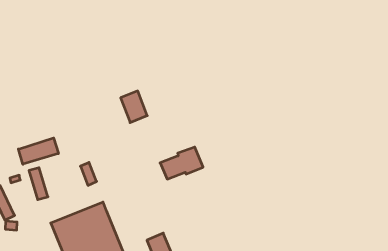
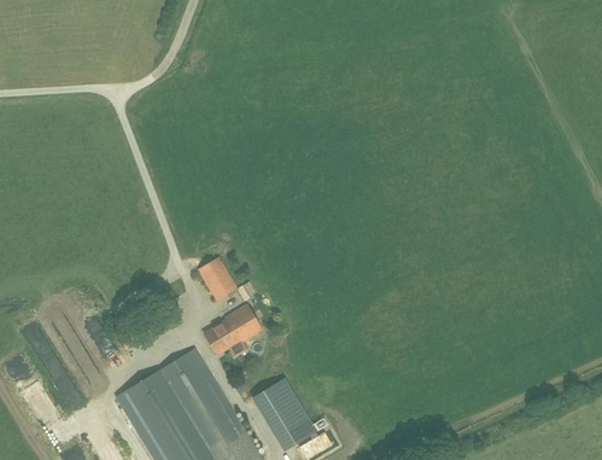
building: [121,91,147,123] -> [195,257,235,302]
building: [18,138,58,164] -> none
building: [160,147,203,179] -> [201,305,261,355]

